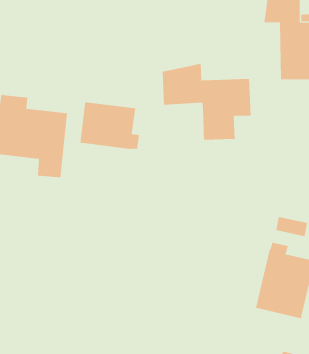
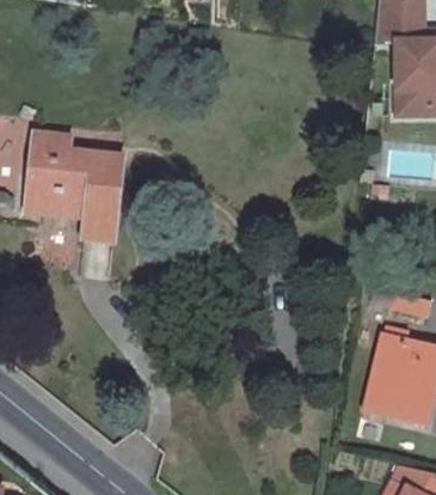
building: [162,63,251,140] -> none
building: [80,101,140,150] -> none

